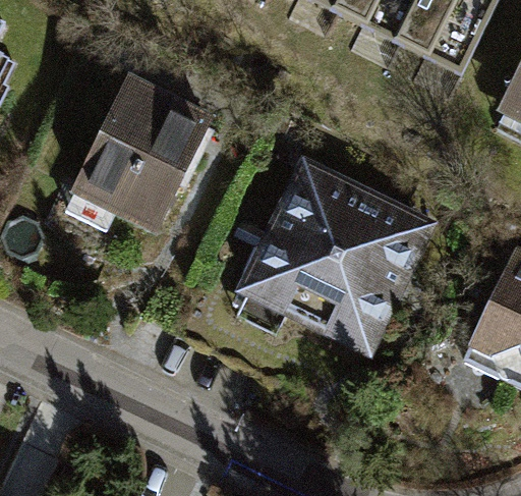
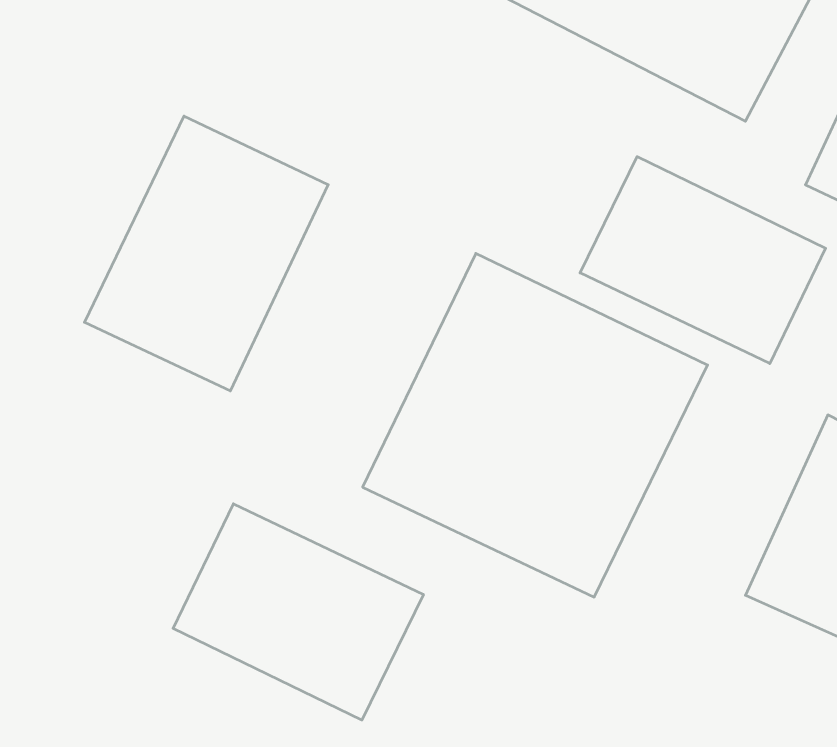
building: none -> [580,157,826,364]
building: none -> [173,504,423,720]

